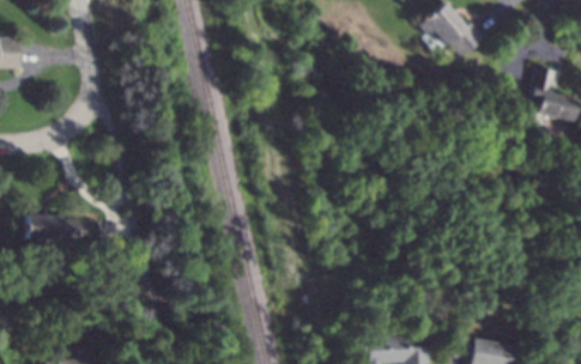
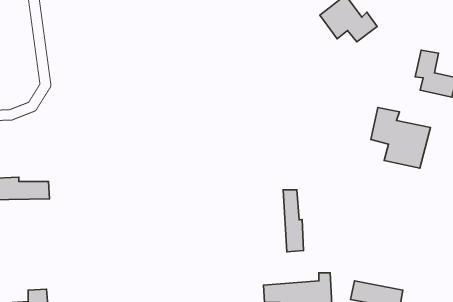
building: none -> [371,107,430,168]
building: none -> [283,190,304,252]

